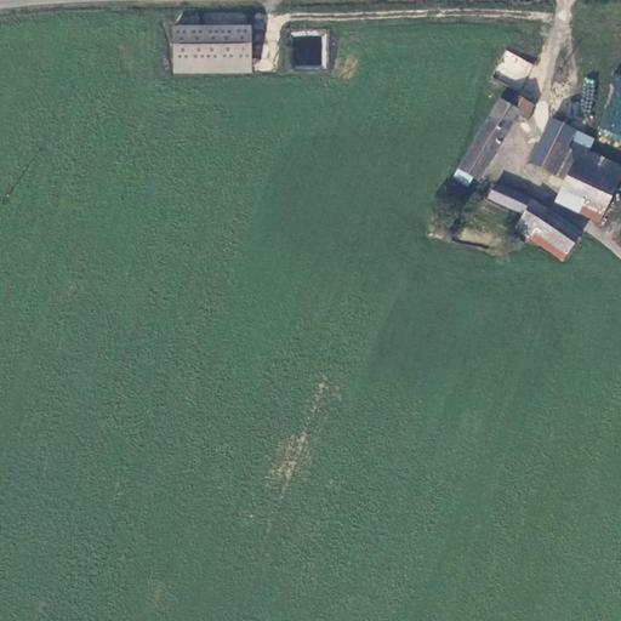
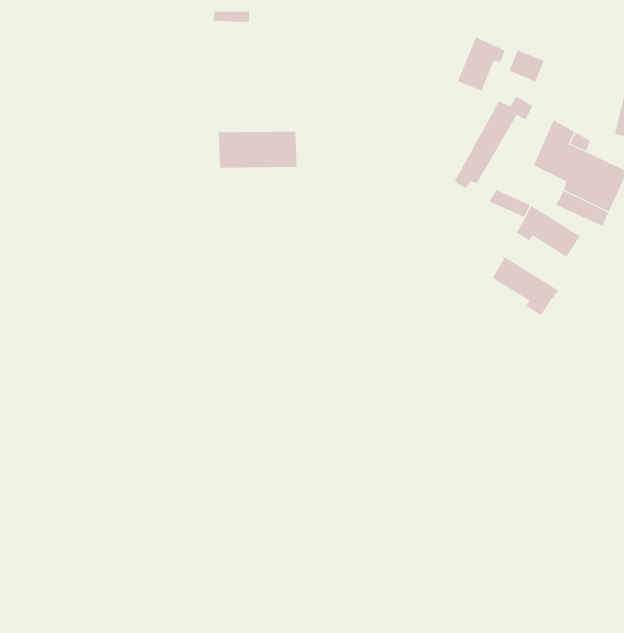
building: [175,27,252,63] -> [218,131,298,168]
building: none -> [457,36,506,91]
building: none -> [492,256,559,316]

